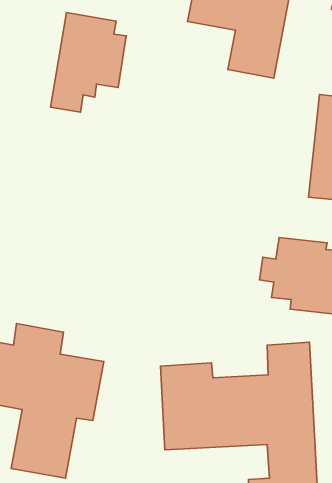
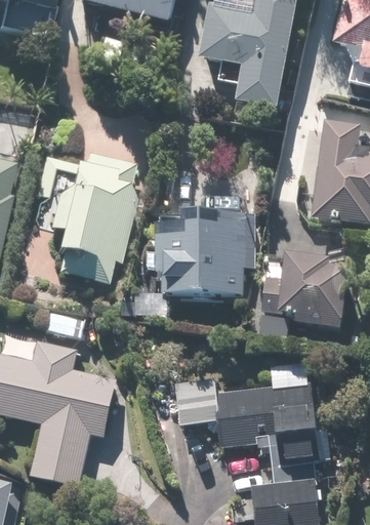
building: [50,12,126,112] -> none
building: none -> [49,151,140,279]
building: none -> [157,211,251,295]

